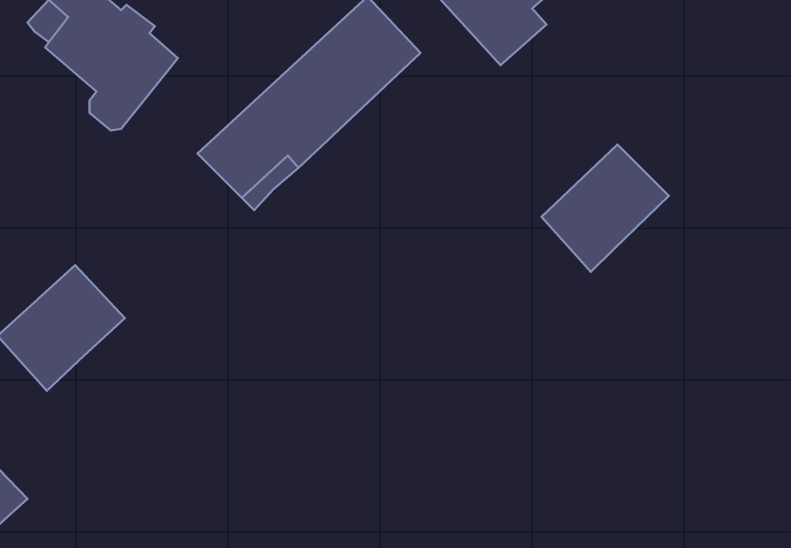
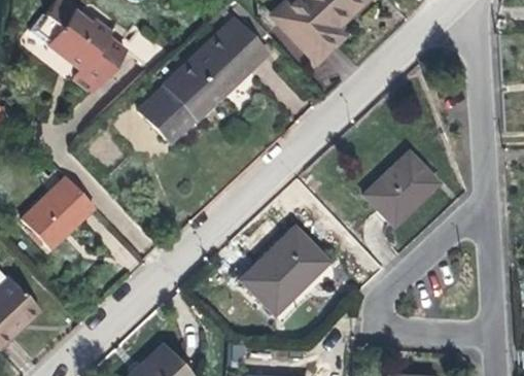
building: [541,144,669,272] -> [365,150,440,225]
building: none -> [243,227,329,313]

